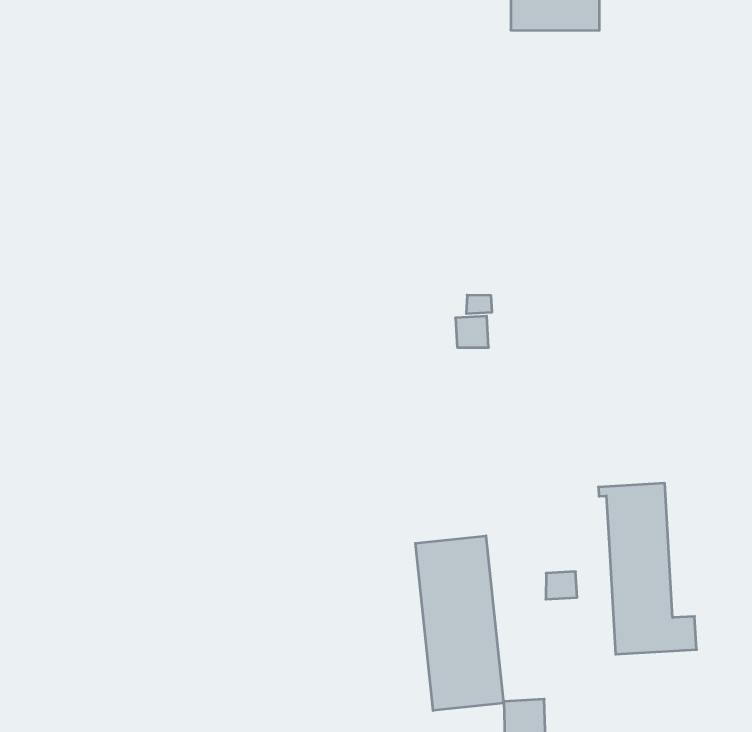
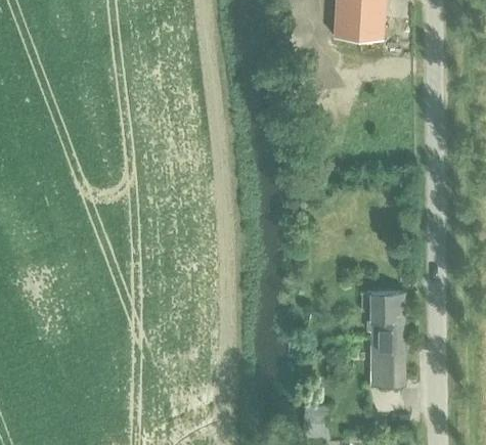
building: [415,536,504,711] -> none

